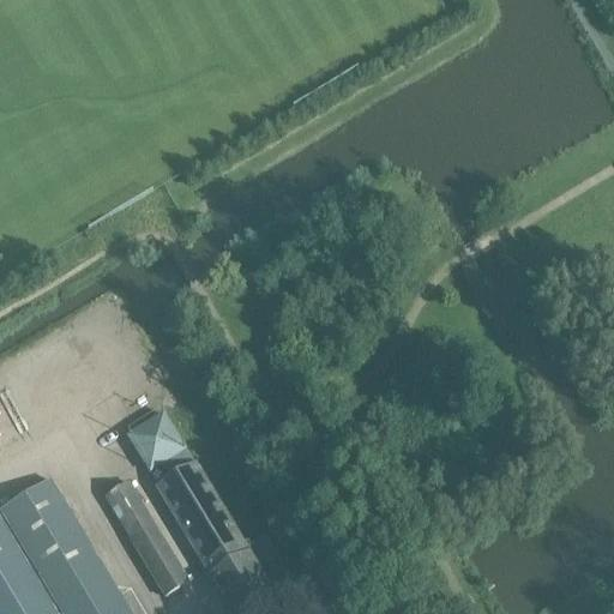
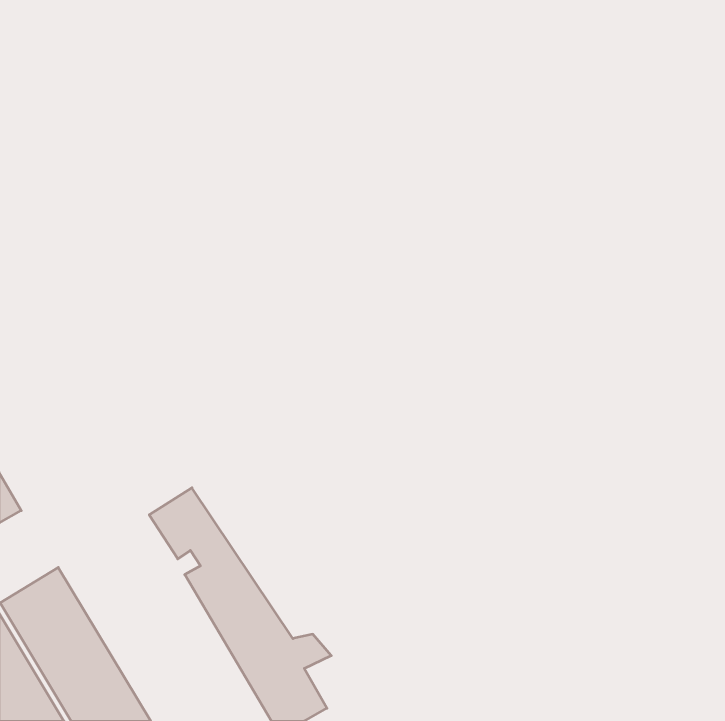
building: [104,481,187,595] -> none

